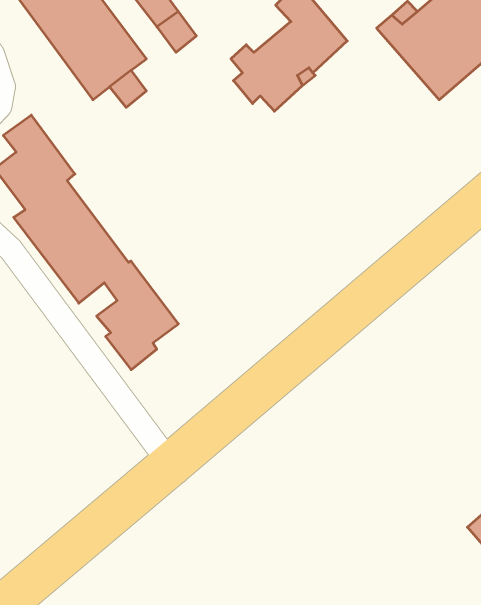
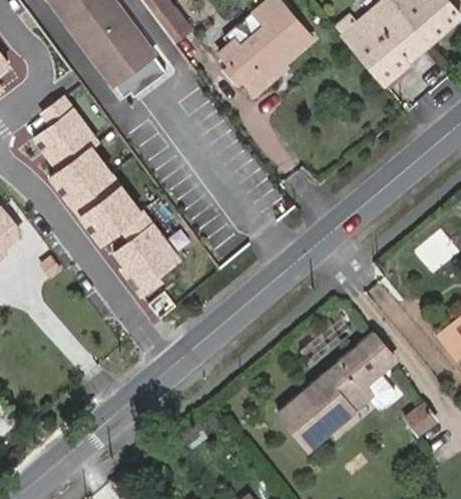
building: none -> [279,334,394,446]

